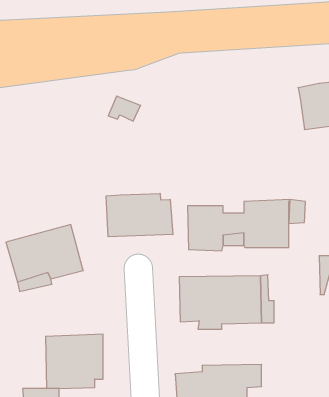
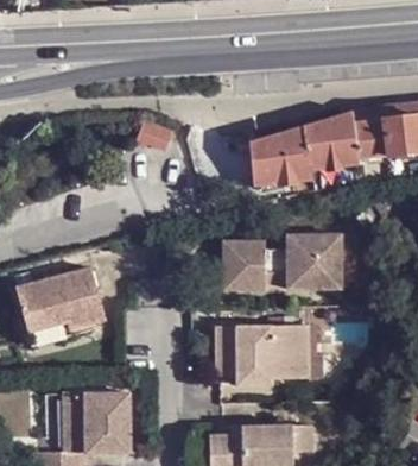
building: none -> [249,111,357,187]
building: [106,193,173,237] -> none

